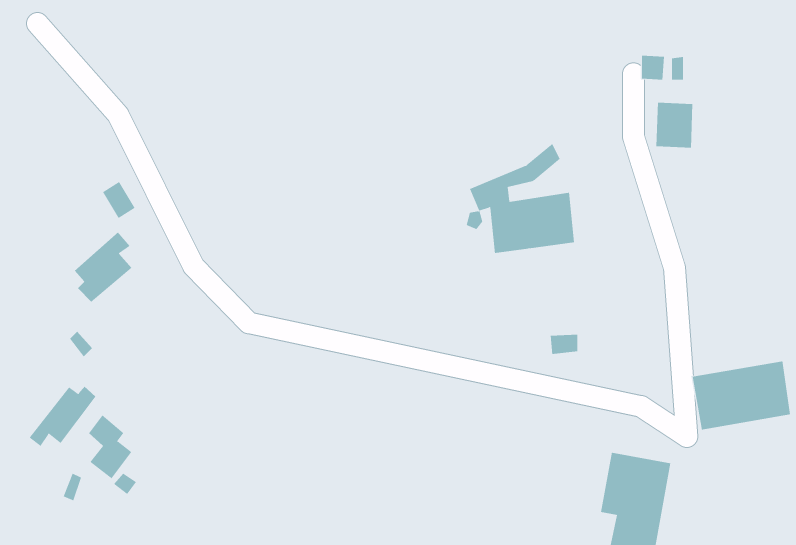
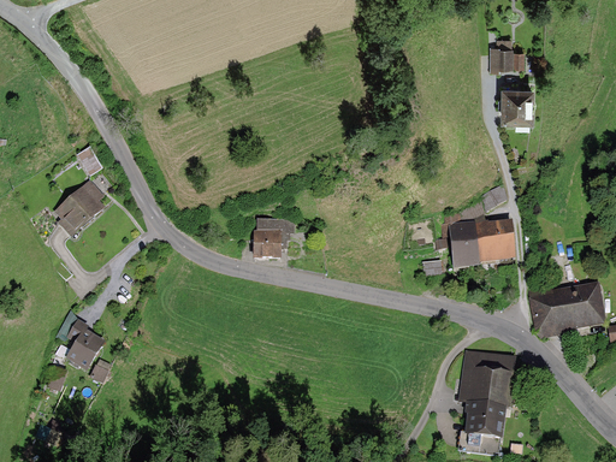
building: [466,143,575,254] -> [432,183,515,267]
building: none -> [253,220,294,255]
building: [29,386,96,447] -> none

